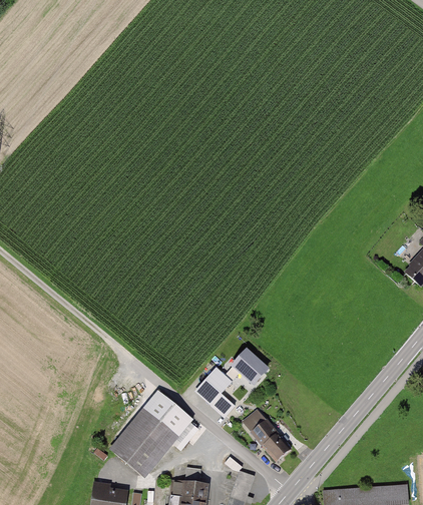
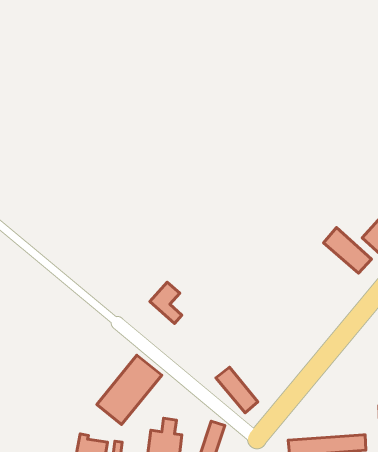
building: none -> [323,228,371,273]
building: [233,351,267,384] -> none
building: [198,370,234,415] -> [150,282,182,323]

